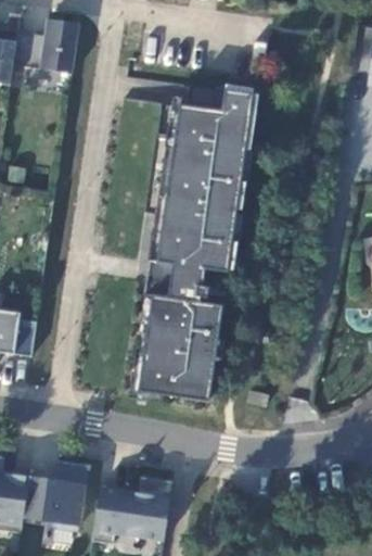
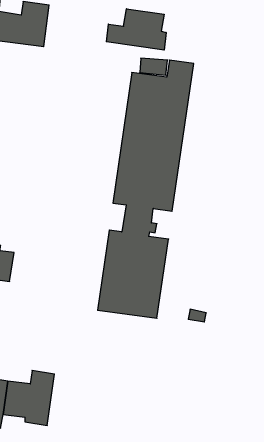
building: none -> [106,9,166,50]
building: [92,477,172,544] -> none

